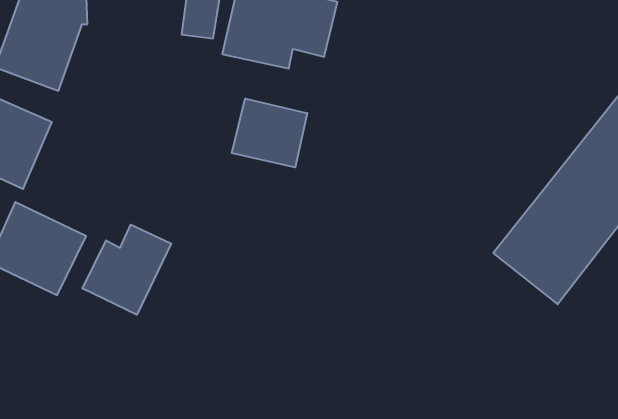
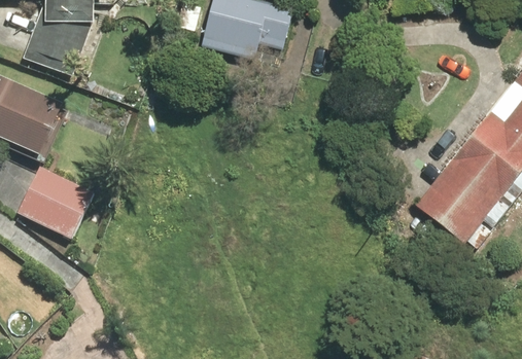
building: [232,98,307,167] -> none
building: [82,225,171,315] -> none

